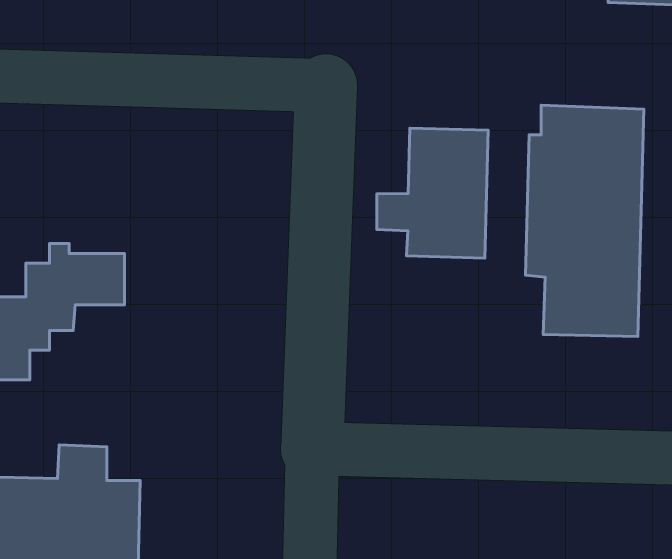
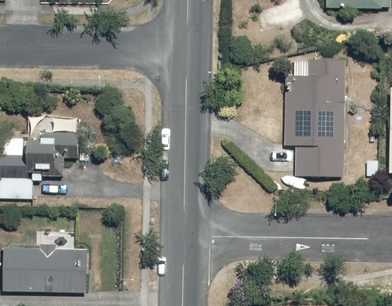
building: [377,128,488,258] -> none

